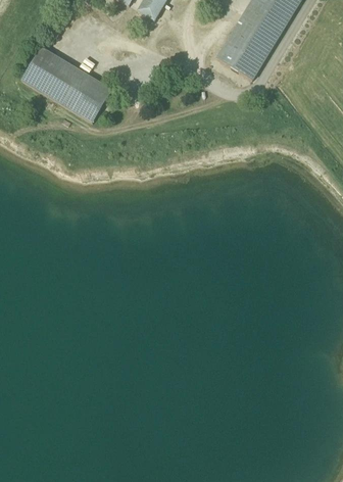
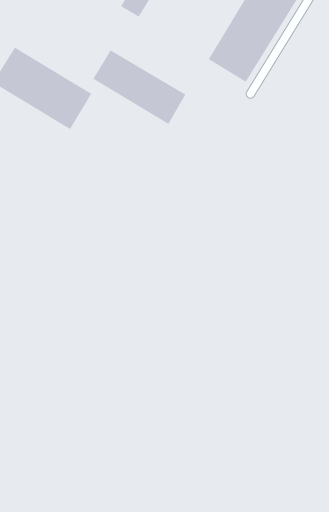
building: none -> [92,49,186,125]

